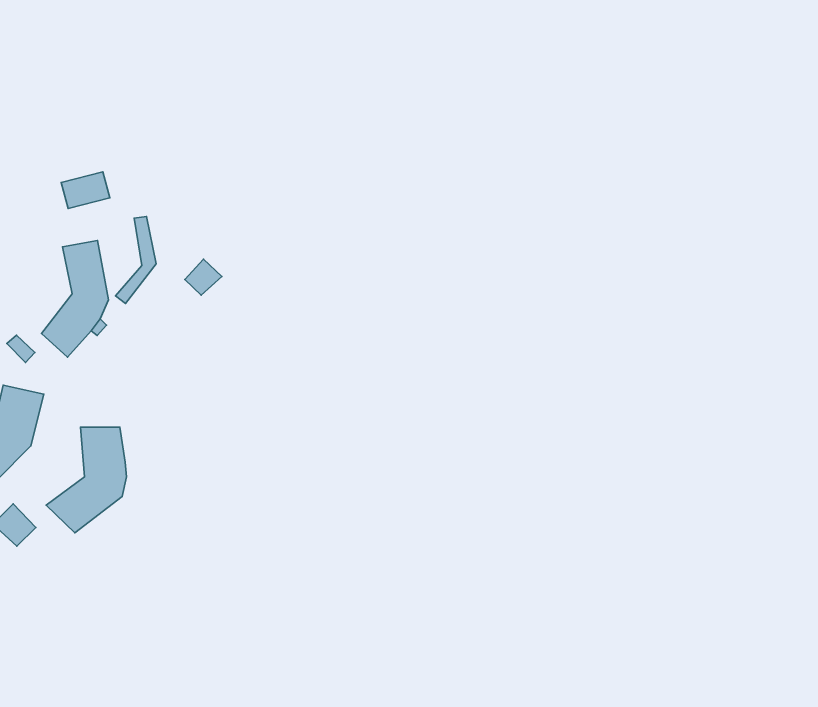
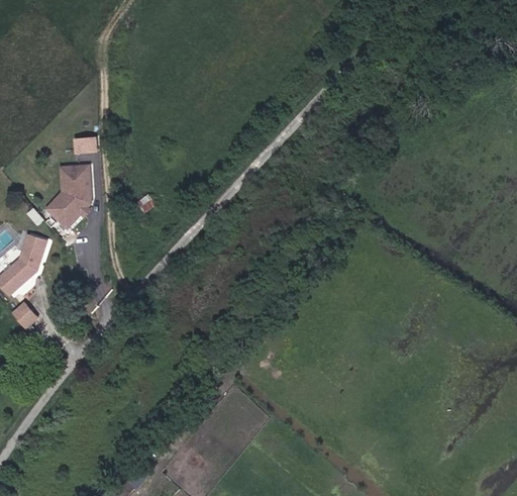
building: [115,217,156,303] -> [45,165,71,212]
building: [46,427,126,533] -> none

